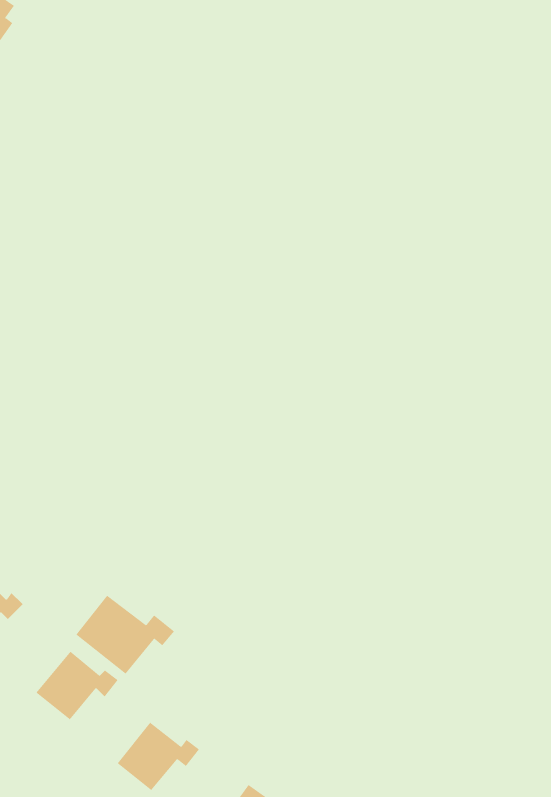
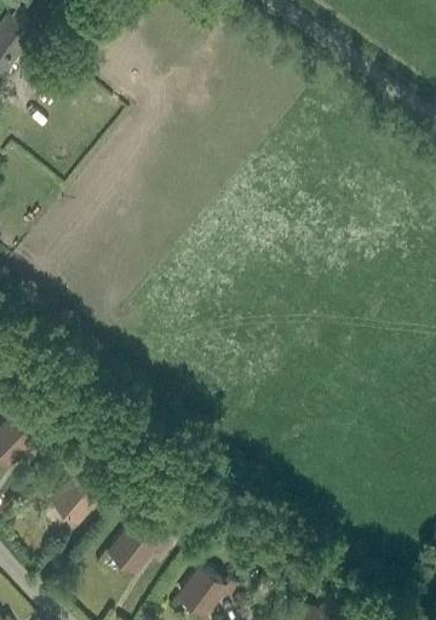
building: [76,595,175,675] -> none

